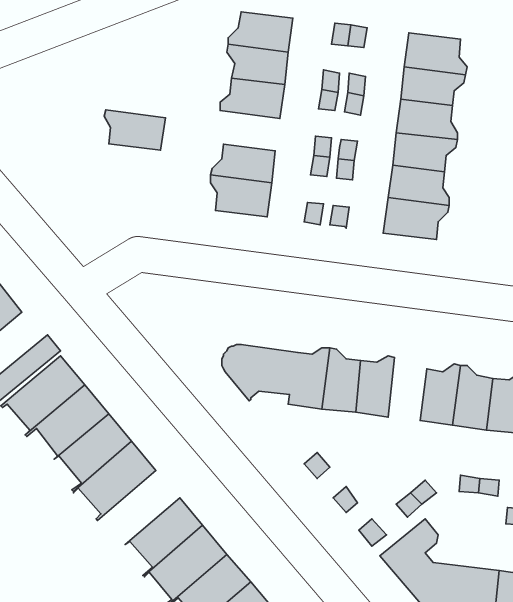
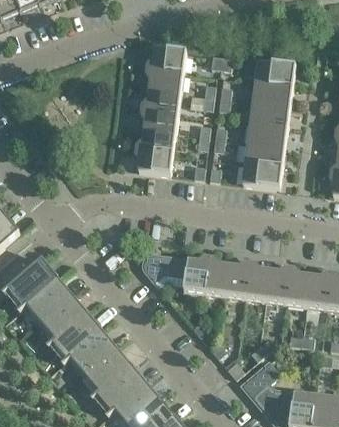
building: [104,110,165,150] -> [139,109,177,134]
building: none -> [244,262,268,301]
building: none -> [64,332,115,378]

